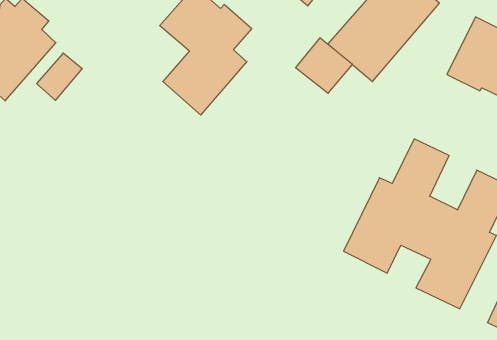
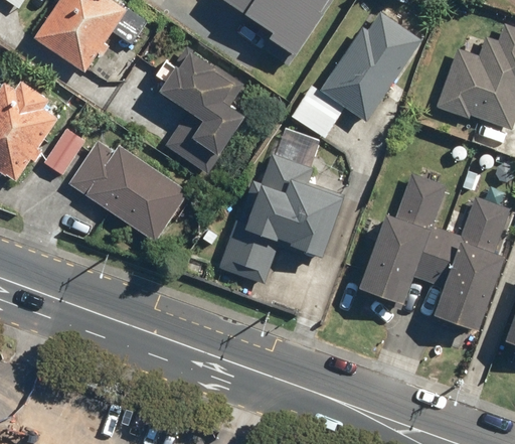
building: none -> [69,141,190,242]
building: none -> [222,142,342,283]

